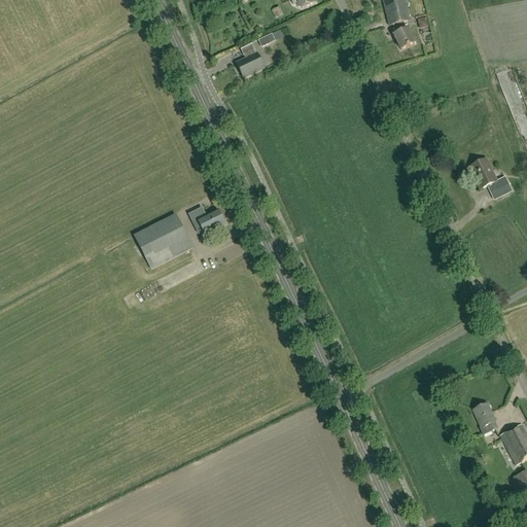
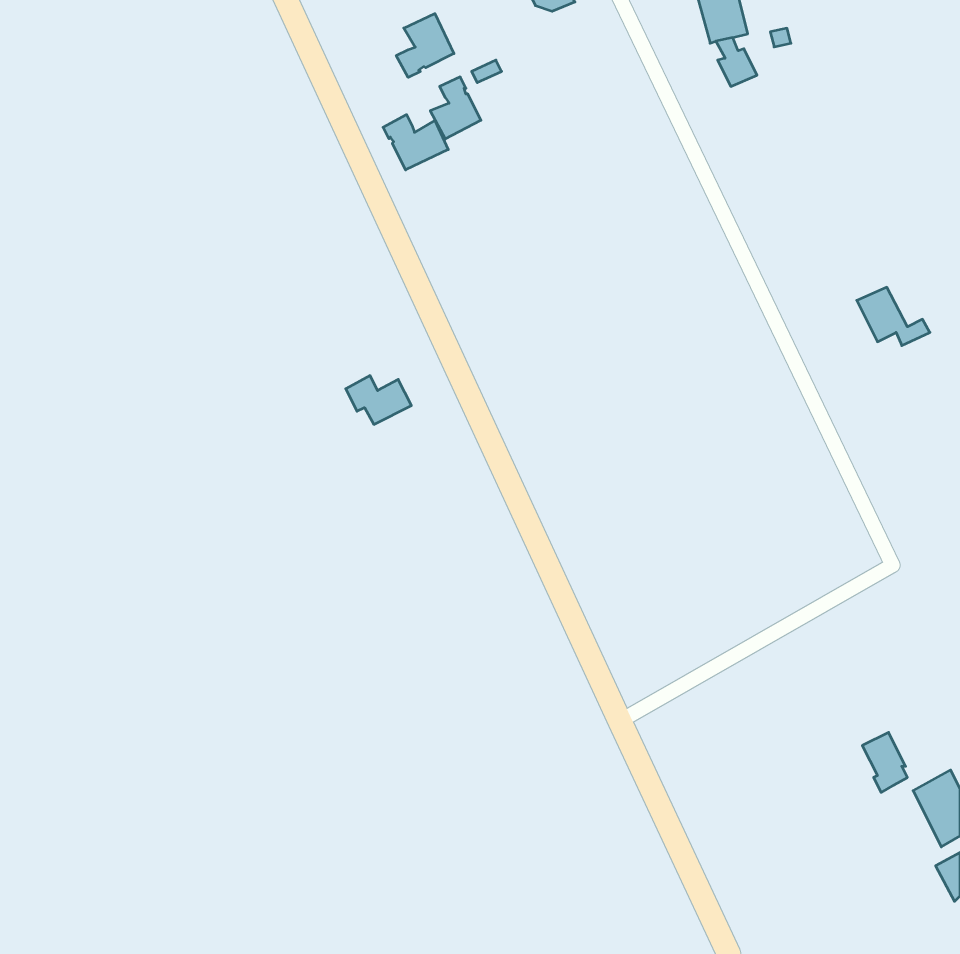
building: none -> [396,14,454,77]
building: none -> [383,115,448,170]
building: [134,213,192,268] -> none

